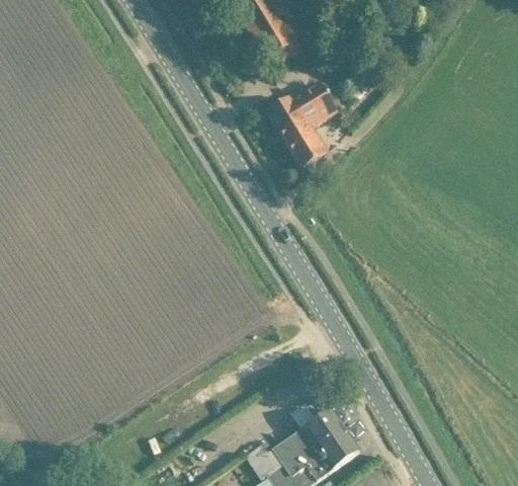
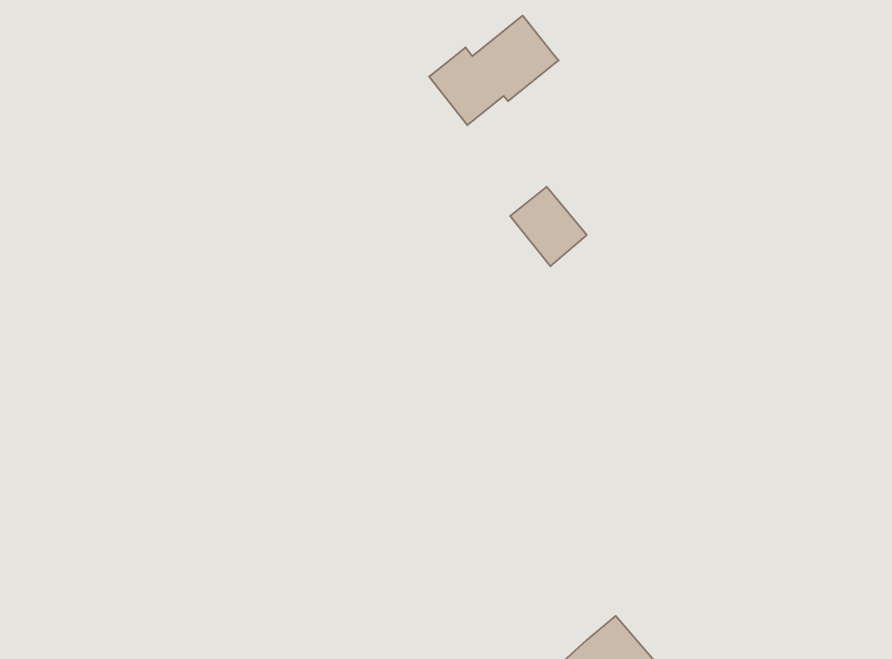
building: [283,126,323,168] -> [510,187,587,266]

